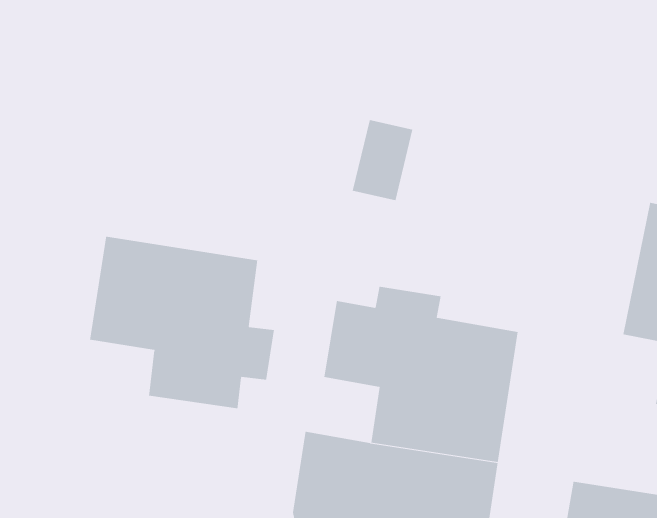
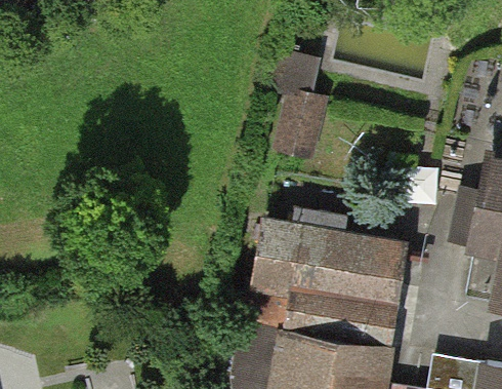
building: [90,236,274,409] -> none

